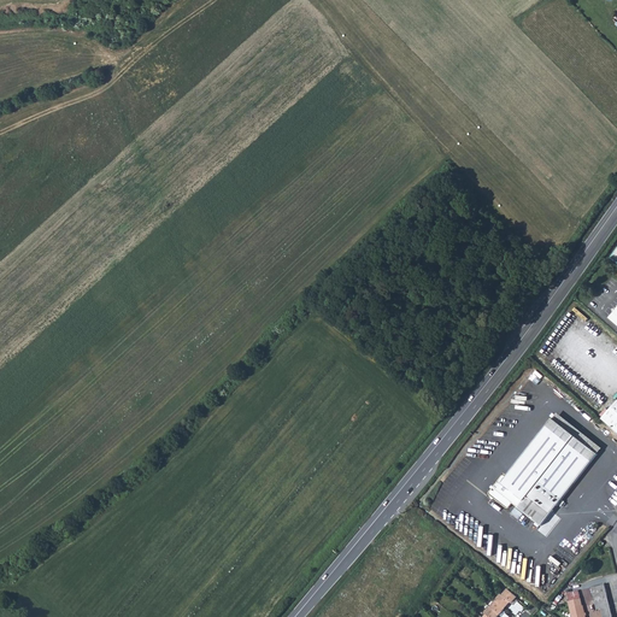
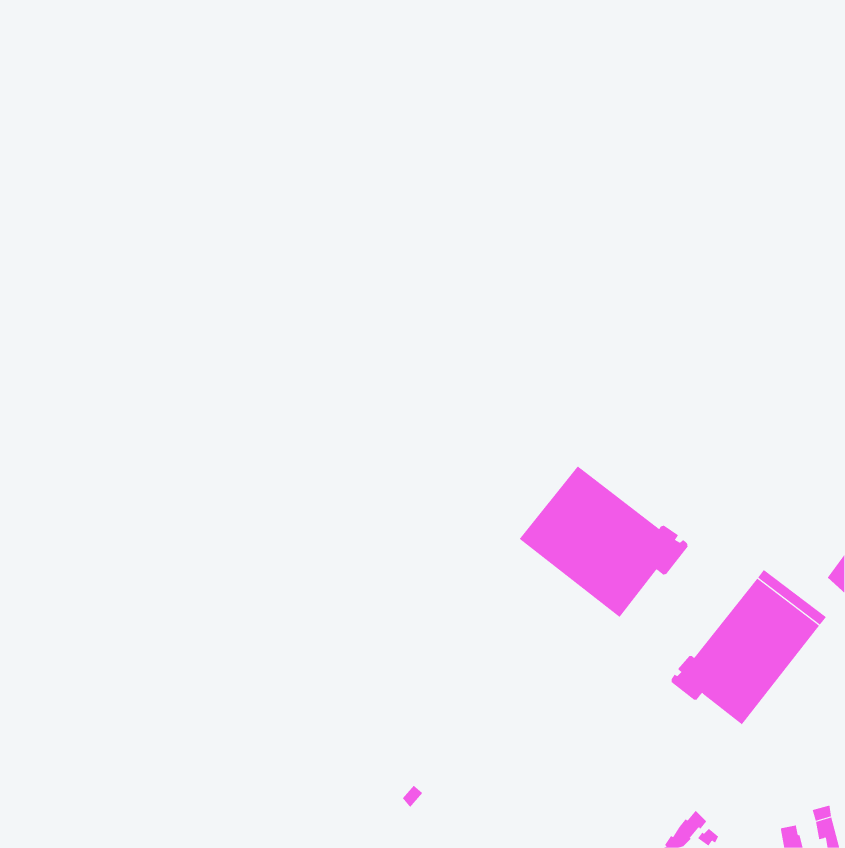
building: none -> [519,465,688,618]

